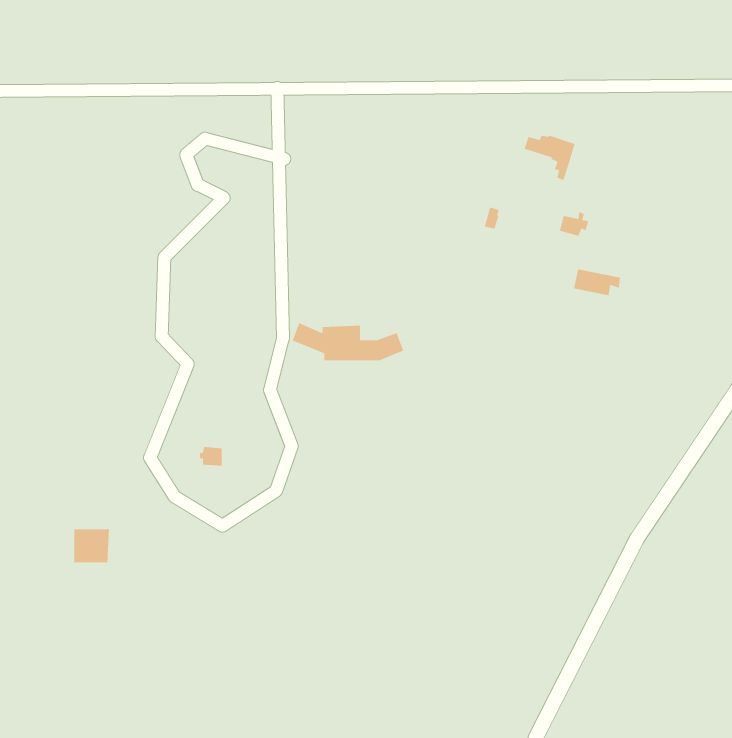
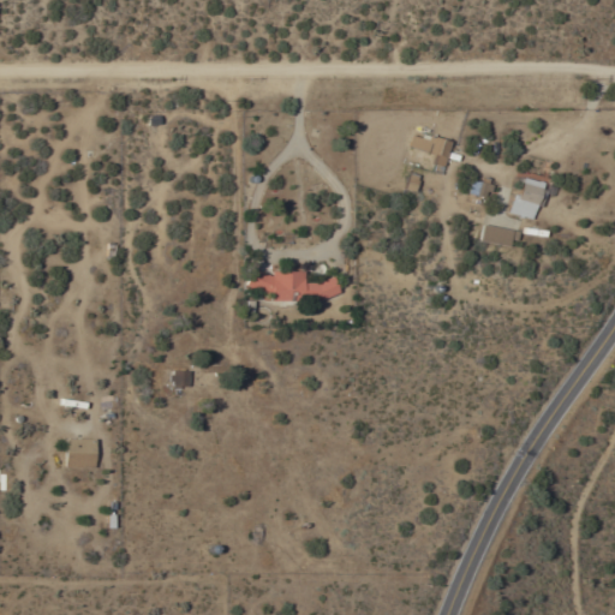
building: [523,135,575,181] -> [410,133,453,172]
building: none -> [510,179,556,220]

